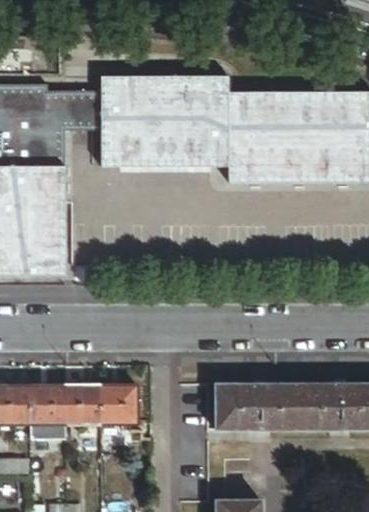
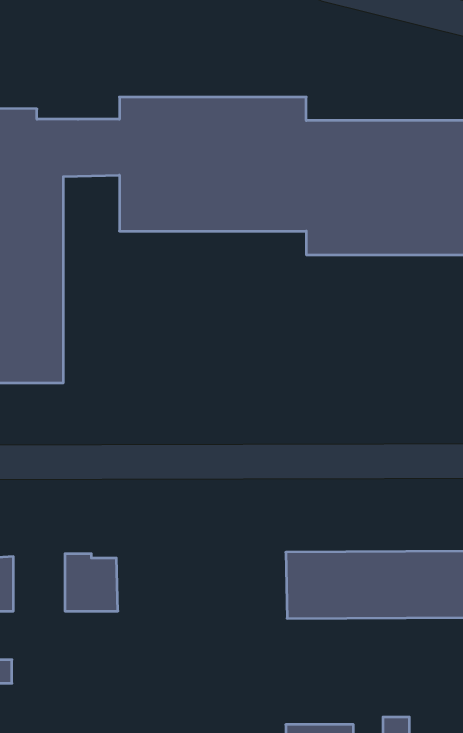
building: [30,386,65,441] -> none
building: [100,386,136,425] -> none

